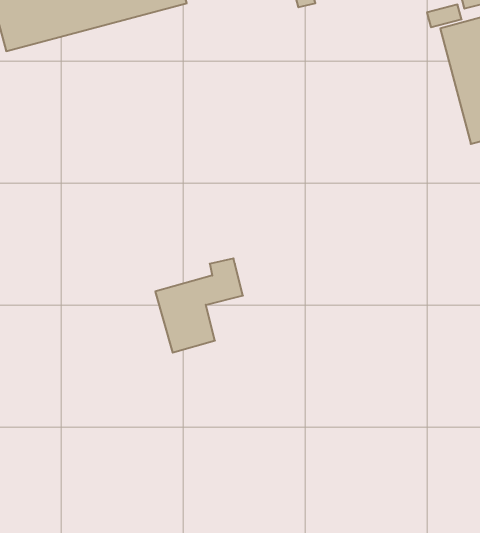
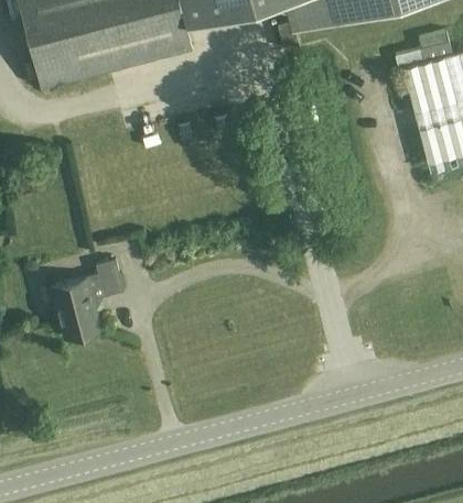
building: [155,258,243,353] -> [53,259,126,337]

